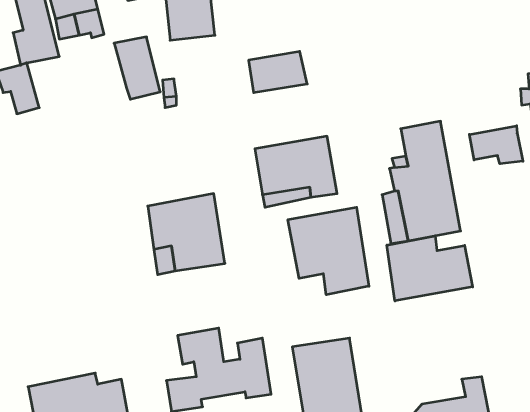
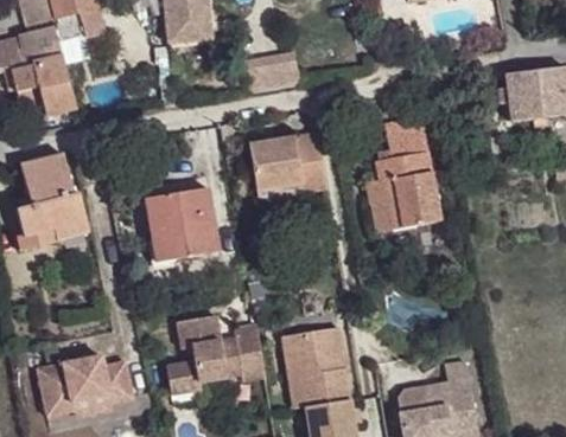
building: [114,37,160,99] -> [31,56,75,115]
building: [469,126,523,164] -> none
building: none -> [14,153,88,250]
building: [288,207,369,295] -> none
building: [387,236,473,301] -> none

